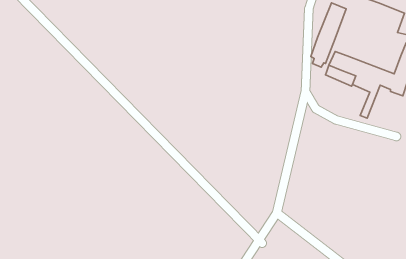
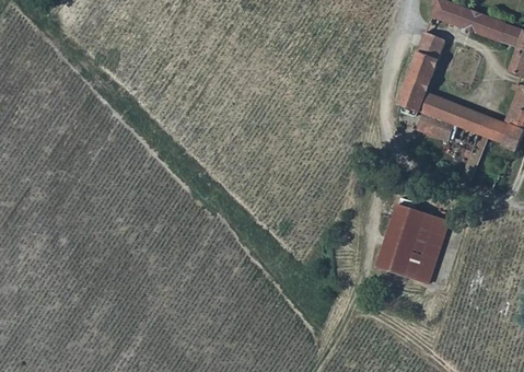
building: none -> [374,202,445,281]

